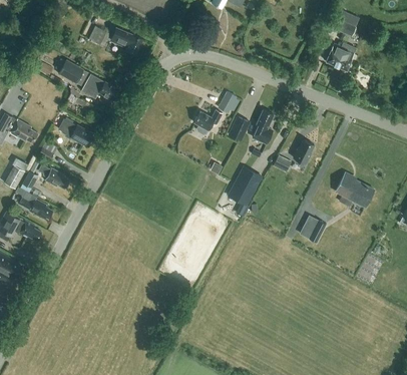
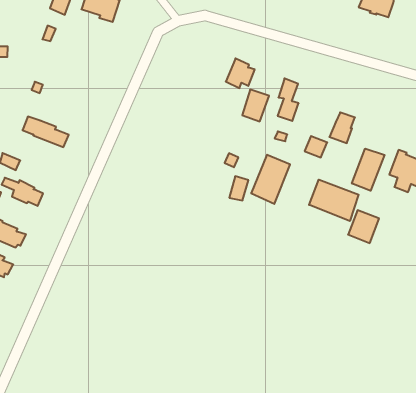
building: [55,58,84,83] -> none
building: [81,73,119,99] -> none
building: [193,109,223,133] -> none
building: none -> [352,149,385,191]
building: none -> [309,180,359,221]

